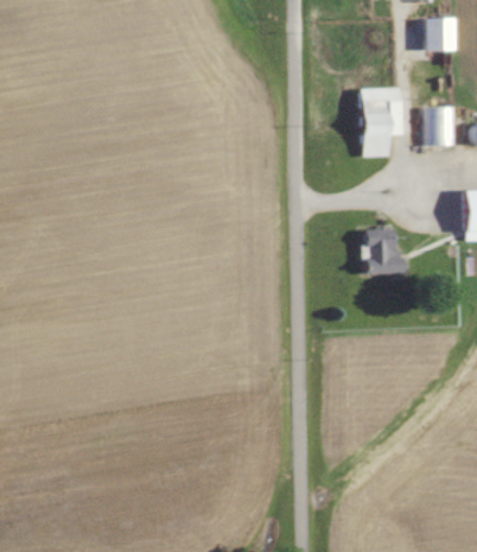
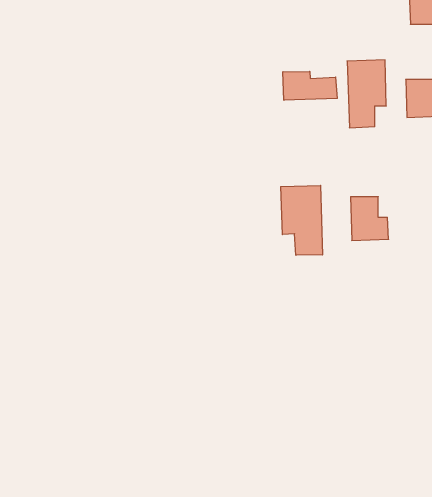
building: none -> [283,71,337,100]
building: none -> [281,185,322,255]

